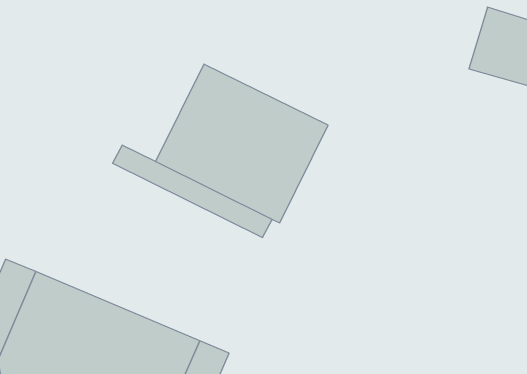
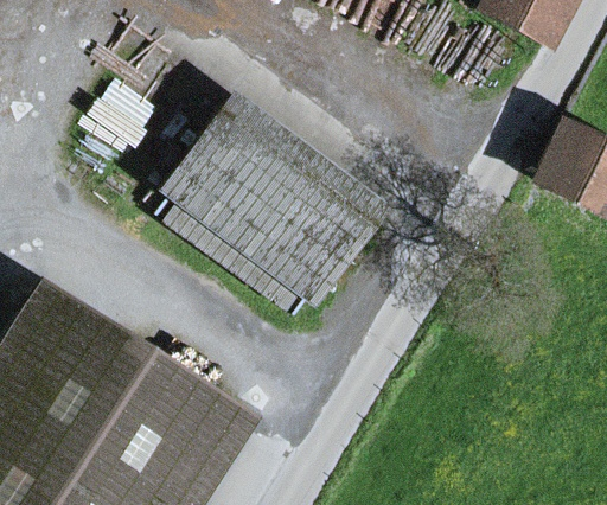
building: none -> [160,101,267,220]

